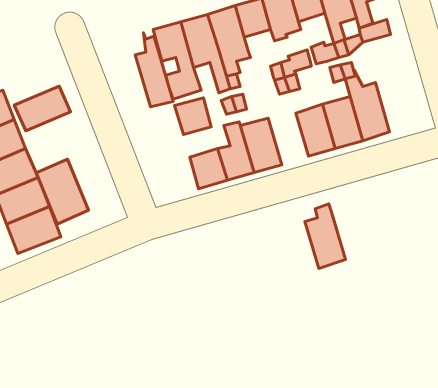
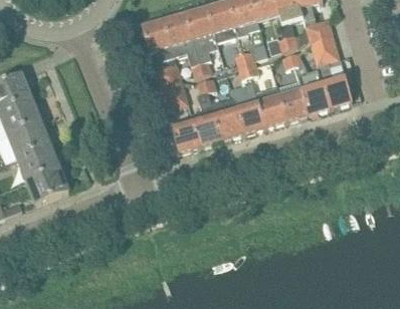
building: [135,33,173,107] -> none
building: none -> [310,34,351,105]
building: [14,86,71,131] -> none
building: [36,159,89,224] -> none
building: [305,204,345,268] -> [232,80,264,131]

